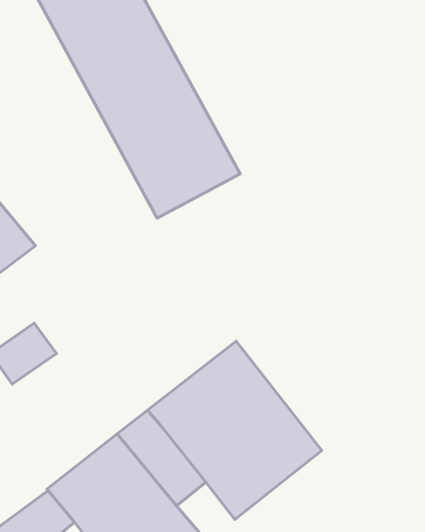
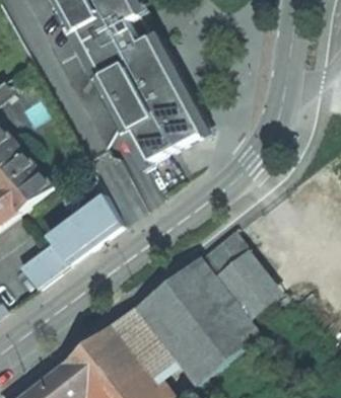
building: none -> [49,195,123,265]
building: none -> [199,227,289,336]

